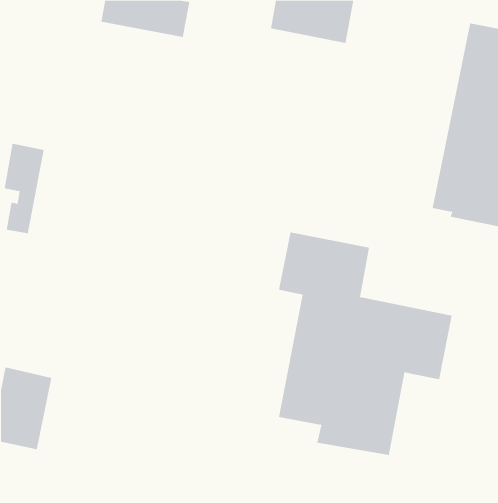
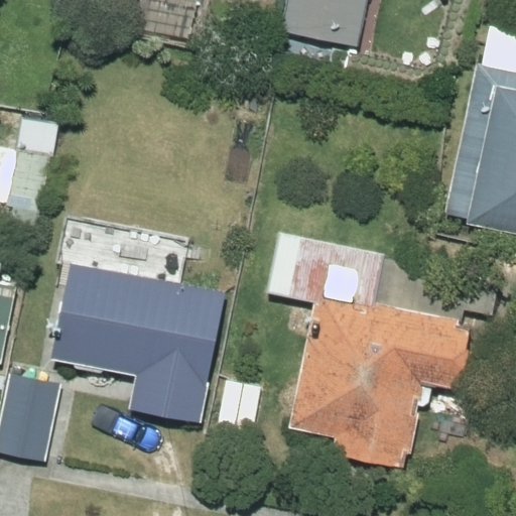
building: none -> [50,263,223,419]

